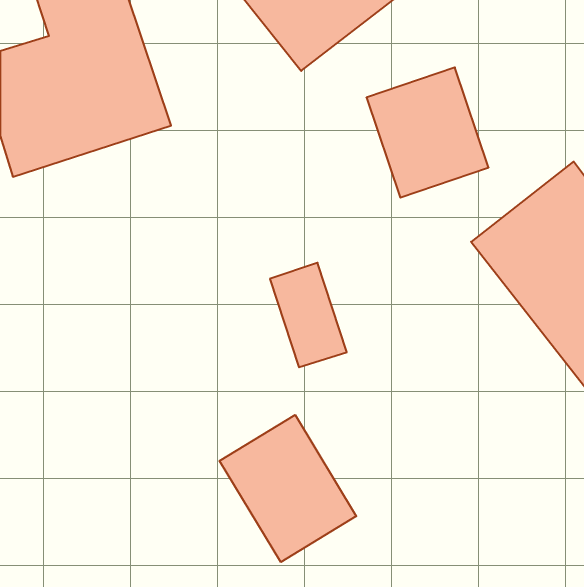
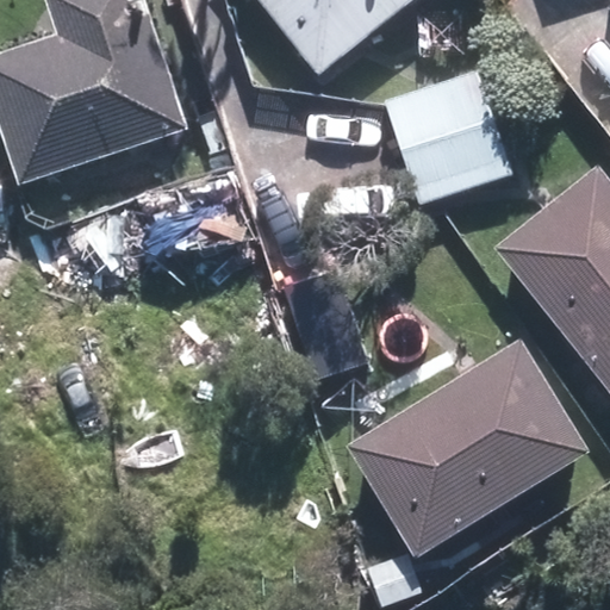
building: none -> [346,341,590,559]
building: [220,415,356,562] -> none

